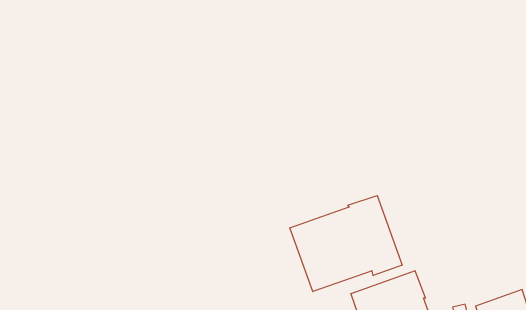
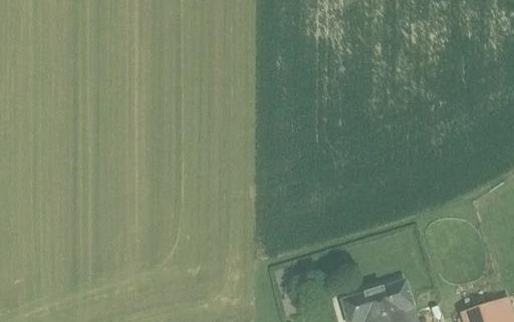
building: [290,196,402,292] -> none

